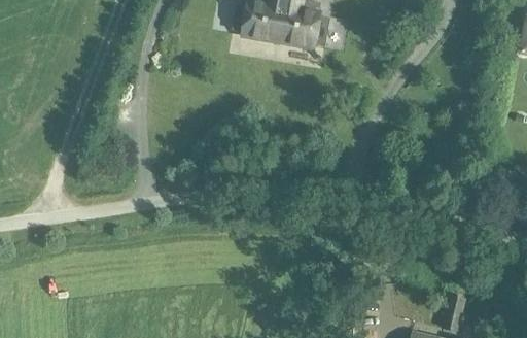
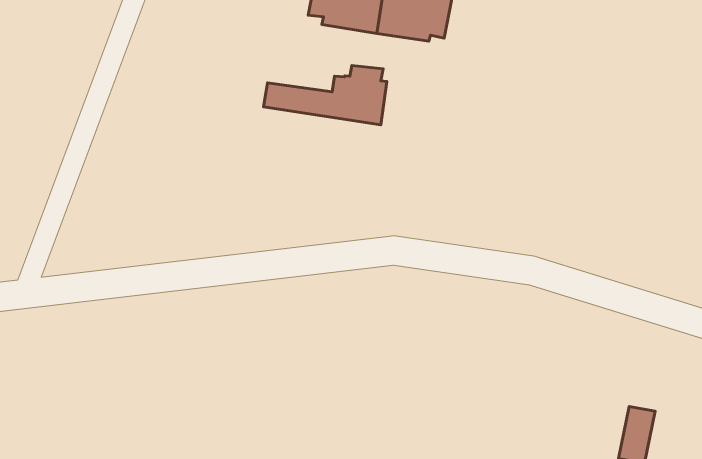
building: none -> [264,65,387,125]

